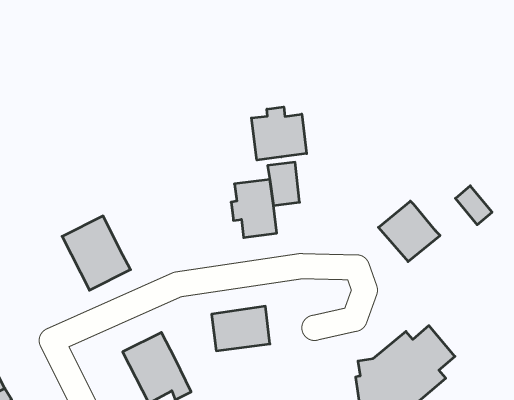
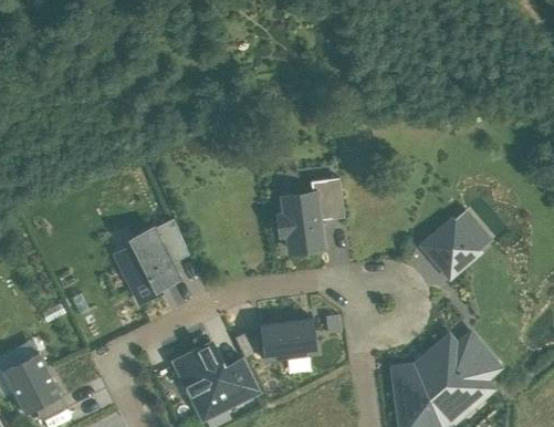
building: [251,107,307,160] -> none
building: [455,186,492,225] -> [454,208,490,246]
building: none -> [154,222,188,264]
building: none -> [223,360,259,402]

